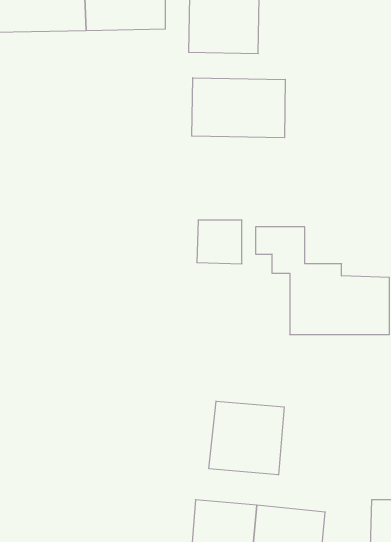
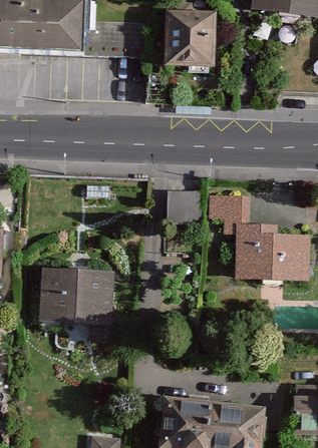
building: [192,78,285,138] -> none
building: none -> [42,268,113,322]
building: [209,401,284,475] -> none

